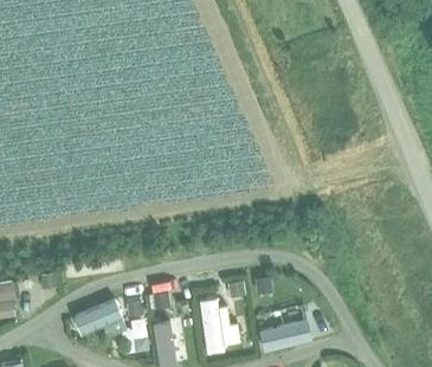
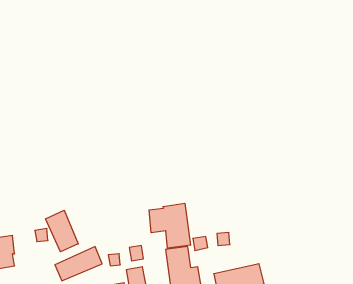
building: none -> [149,203,190,248]
building: none -> [46,210,78,252]

